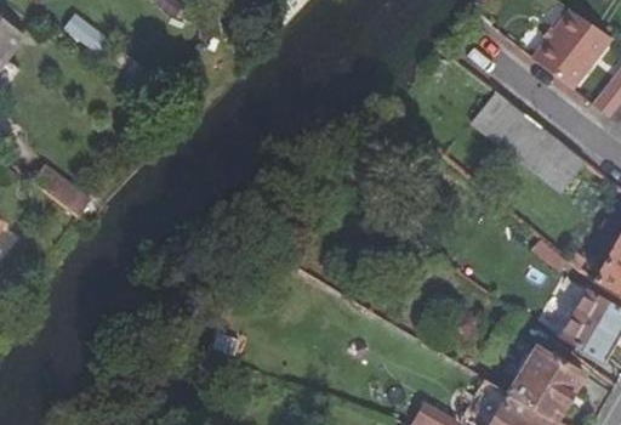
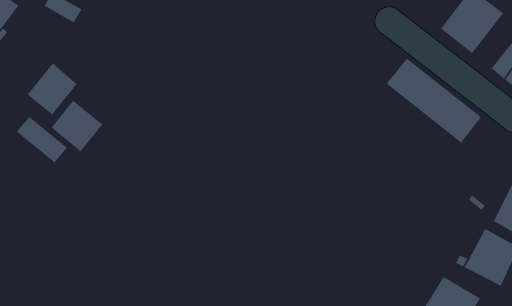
building: none -> [27,62,78,115]
building: none -> [51,100,103,152]

